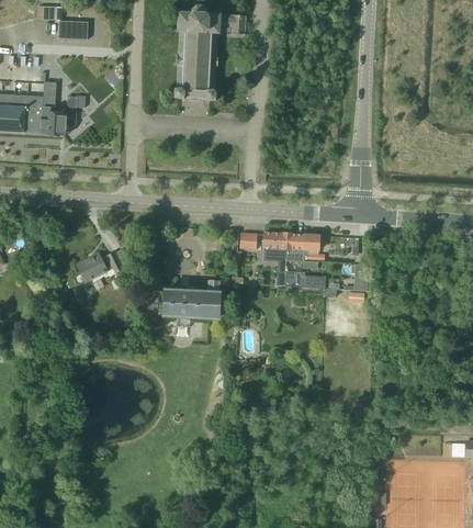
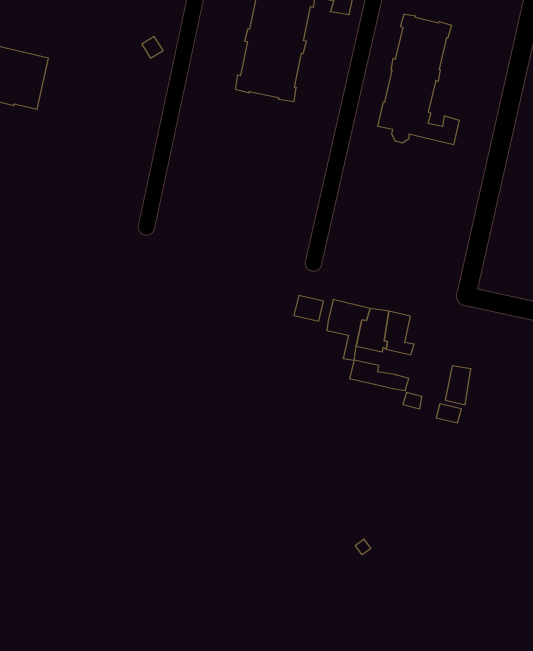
building: none -> [378,14,459,145]
building: [41,81,86,136] -> none
building: [77,252,123,282] -> none
building: [165,281,228,318] -> none

